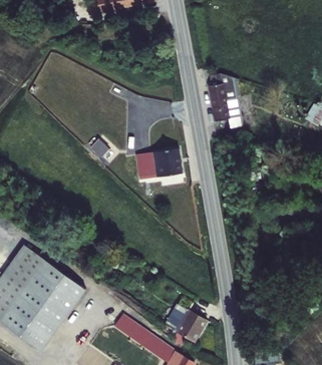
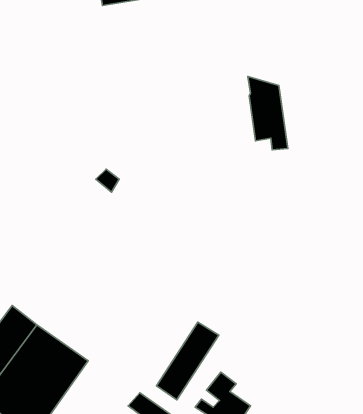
building: [135,148,181,179] -> none
building: none -> [156,322,219,400]

